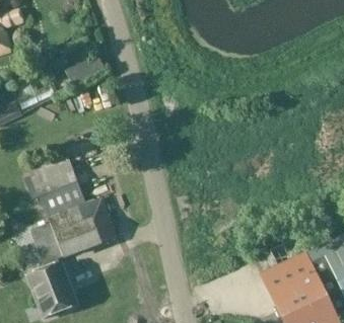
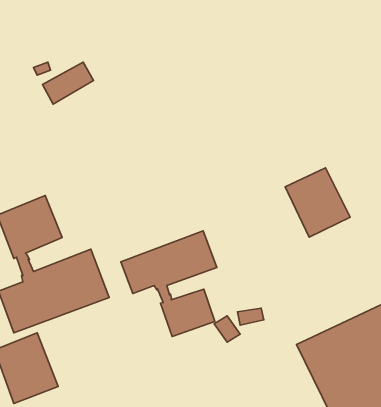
building: none -> [285,168,350,237]
building: none -> [121,231,217,336]

